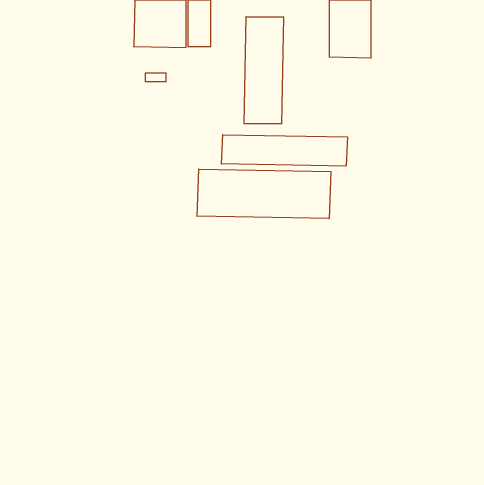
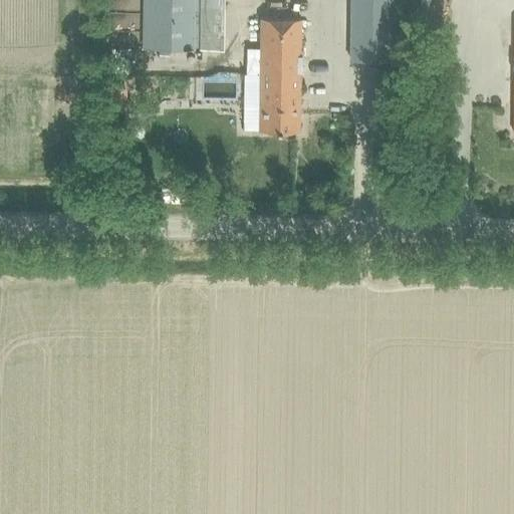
building: [221,135,347,166] -> none
building: [197,169,331,219] -> none

